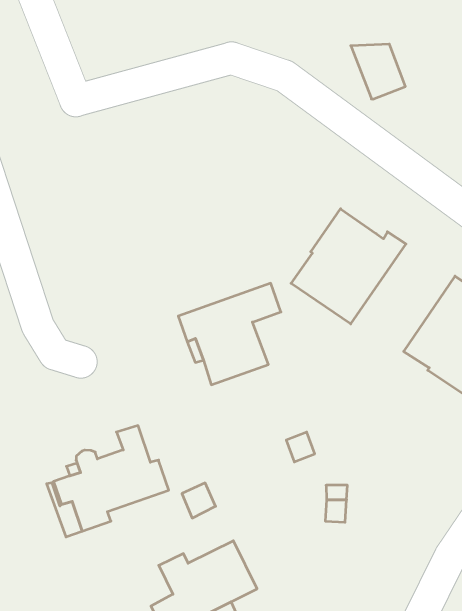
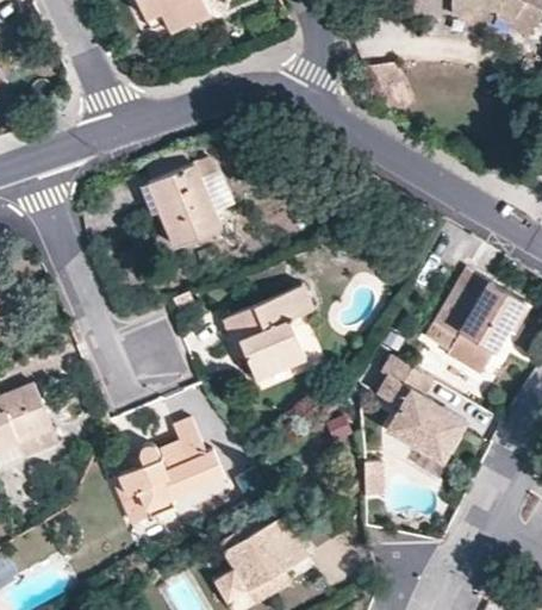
building: none -> [144,147,220,247]
building: [291,209,406,324] -> none
building: none -> [376,356,466,461]

